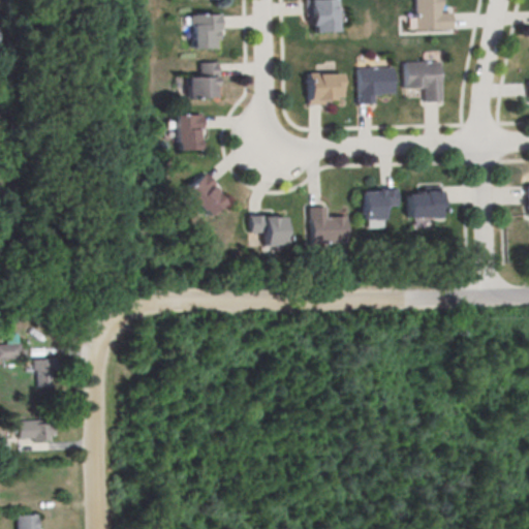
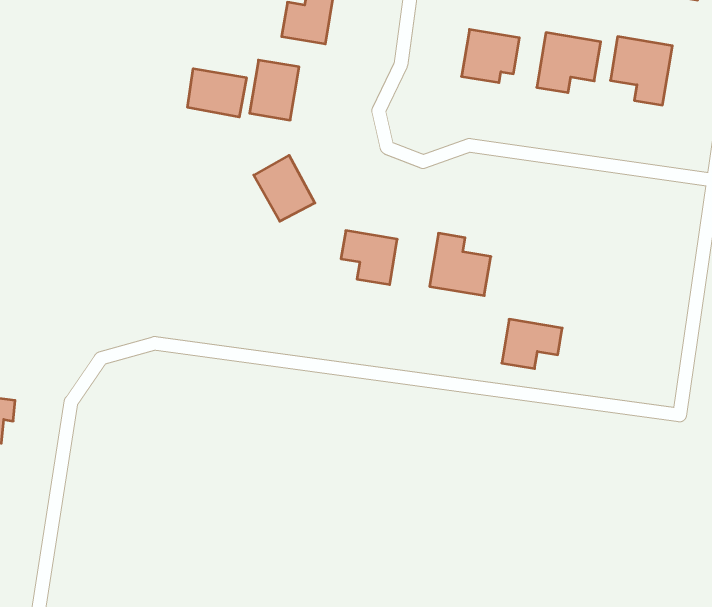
building: none -> [188,69,246,117]
building: [409,188,444,216] -> none
building: [364,189,399,218] -> [502,319,562,369]

